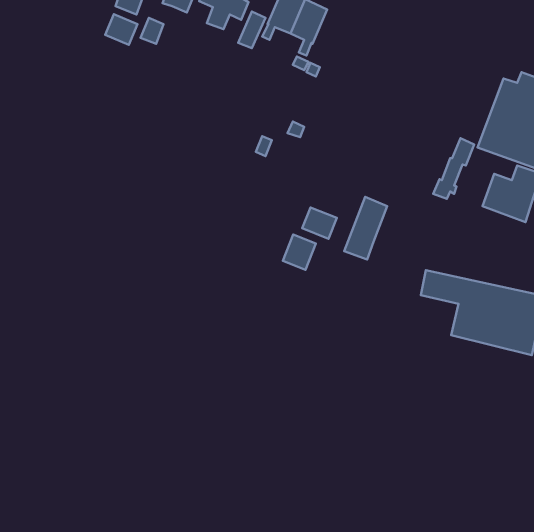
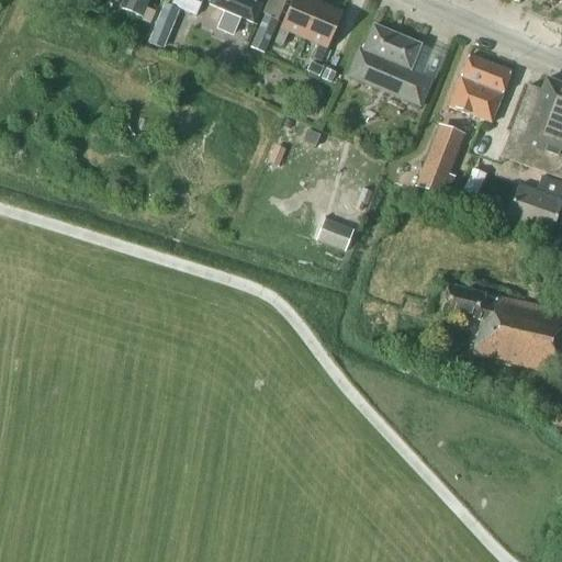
building: [105,14,138,45] -> none
building: none -> [349,23,431,104]
building: none -> [450,53,513,121]
building: [344,197,387,260] -> [418,126,463,192]
building: [283,235,316,270] -> none

